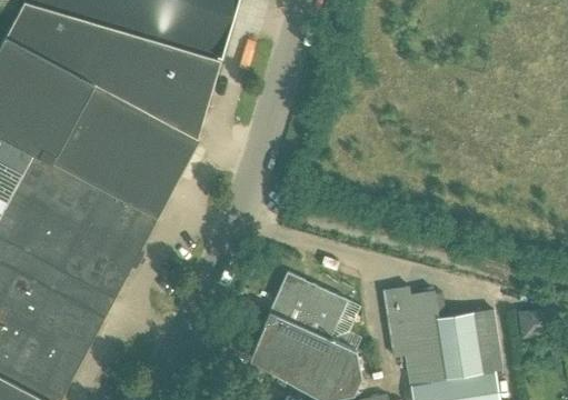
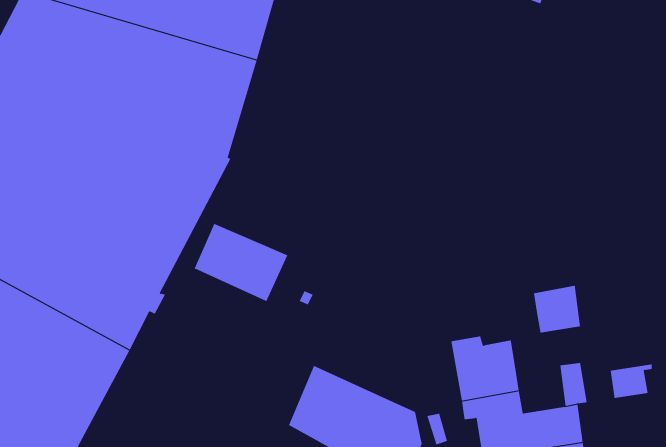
building: [269,272,348,338] -> [194,223,288,302]
building: [439,310,479,350] -> [533,285,581,333]

